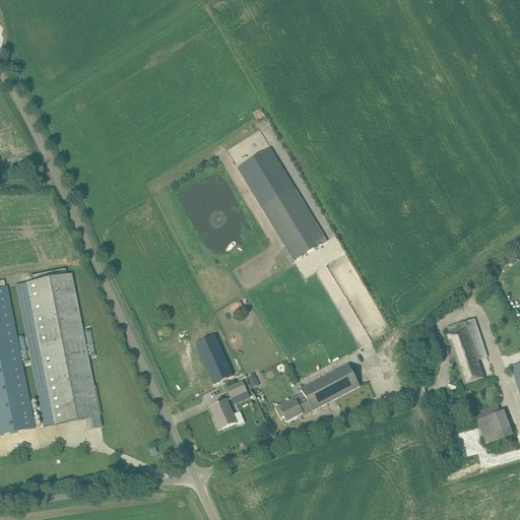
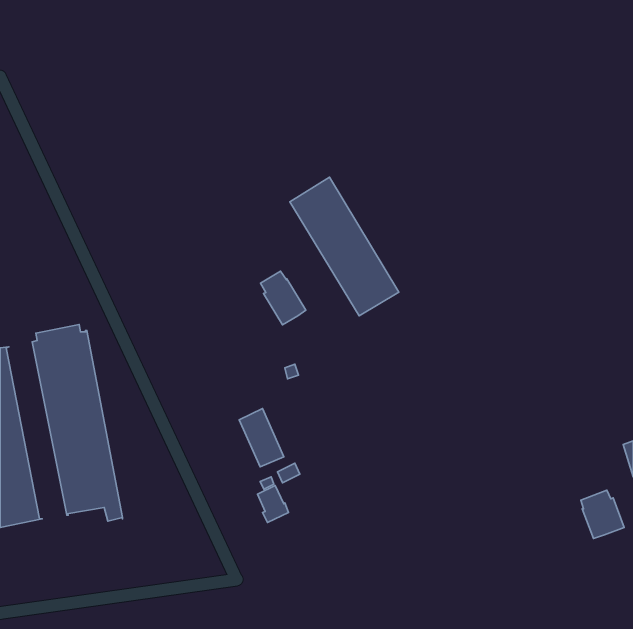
building: none -> [260,271,306,325]
building: [446,317,486,382] -> none
building: [276,362,360,419] -> none

